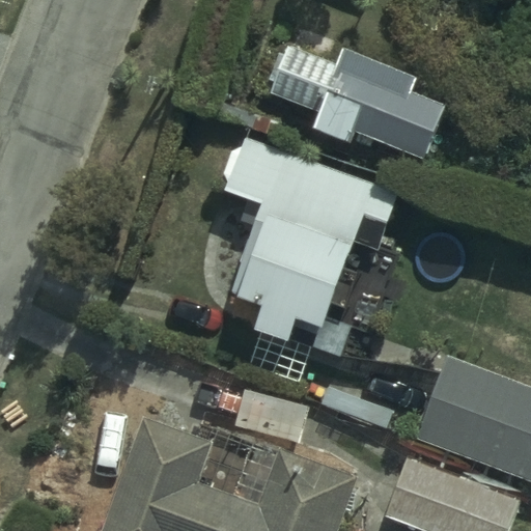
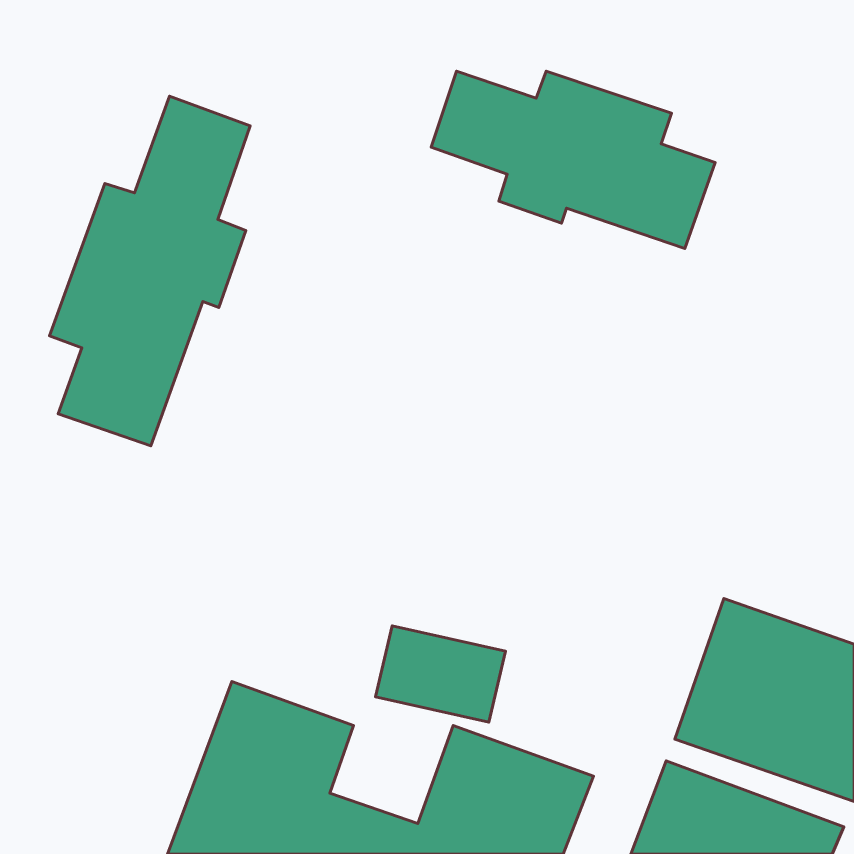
building: none -> [50,96,250,446]
building: [222,151,394,368] -> none

